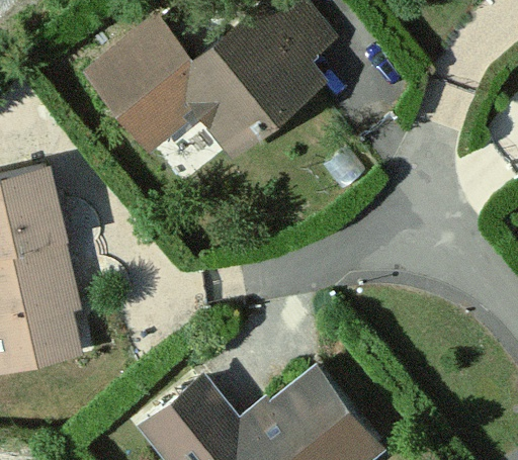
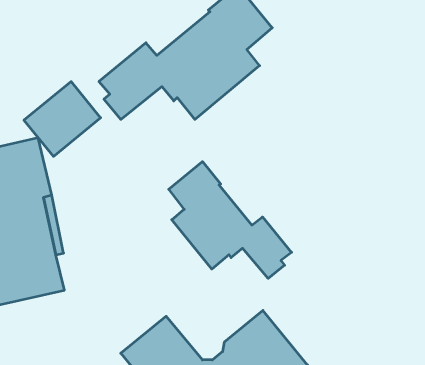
building: [87,12,179,102] -> [24,82,101,156]
building: none -> [169,162,292,278]

